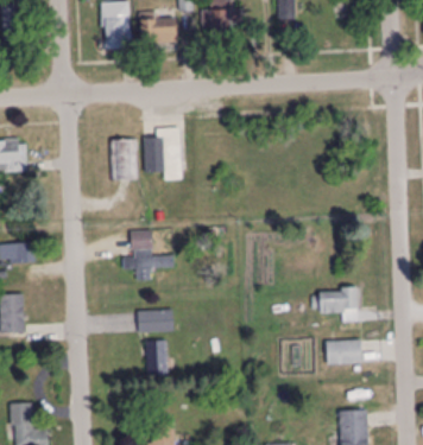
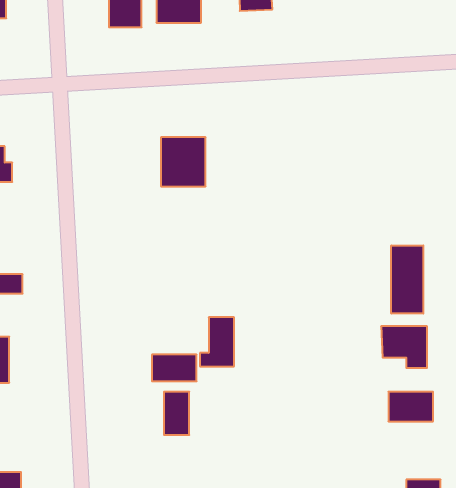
building: [109,140,135,180] -> none
building: none -> [391,245,423,314]
building: [125,230,152,269] -> [200,317,234,366]

